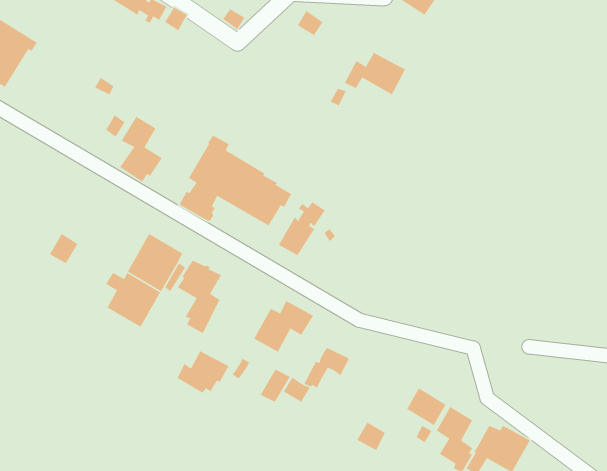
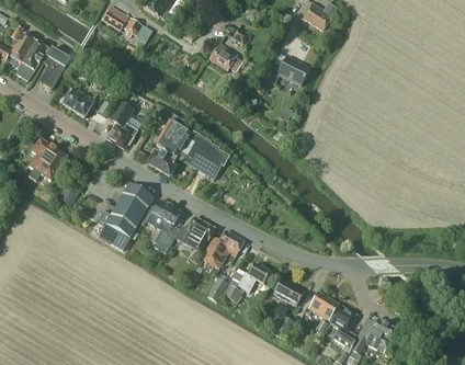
building: none -> [209,43,241,71]
building: none -> [39,47,70,88]
building: none -> [61,85,95,117]
building: none -> [29,139,67,181]
building: [278,201,326,256] -> none
building: [176,350,229,394] -> [178,217,215,248]
building: none -> [273,278,304,306]

